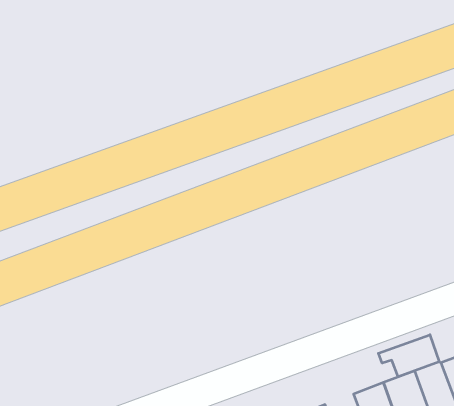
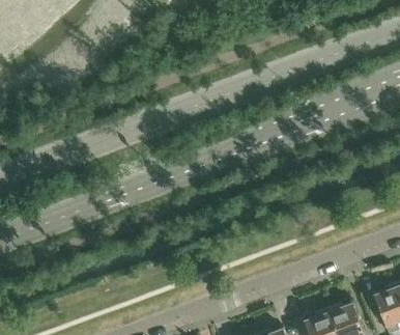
building: [378,335,439,377] -> none

